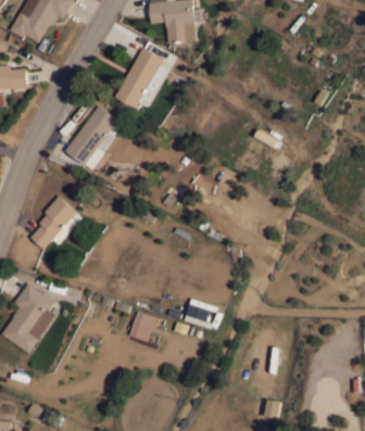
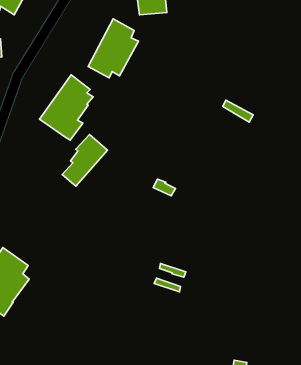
building: [29,197,76,250] -> [62,134,107,186]
building: [128,312,155,342] -> none

